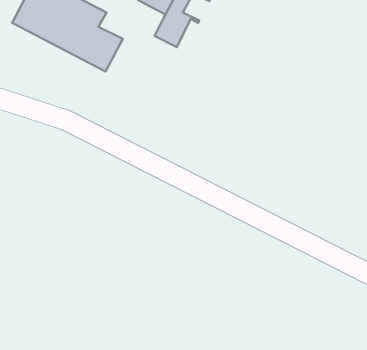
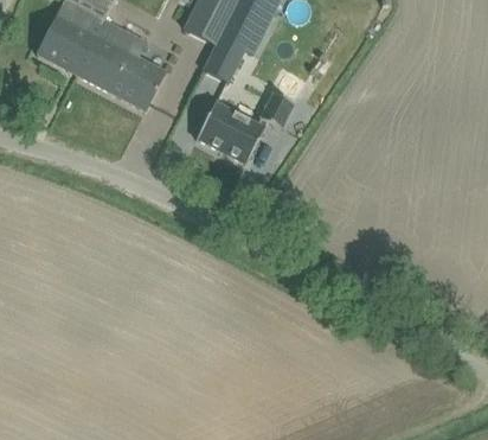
building: none -> [197,93,294,164]

